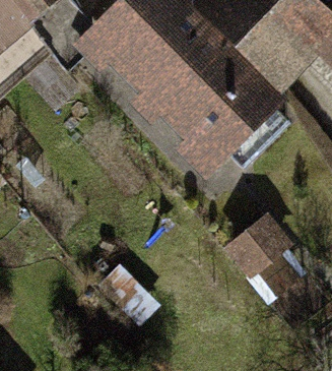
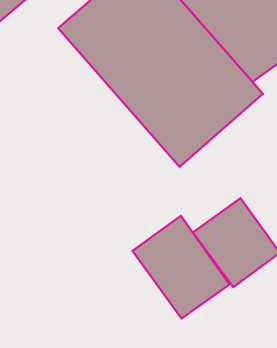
building: none -> [132,216,230,318]

